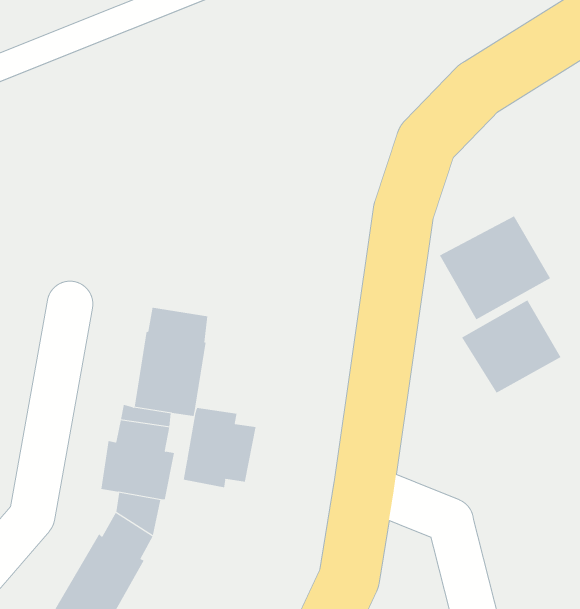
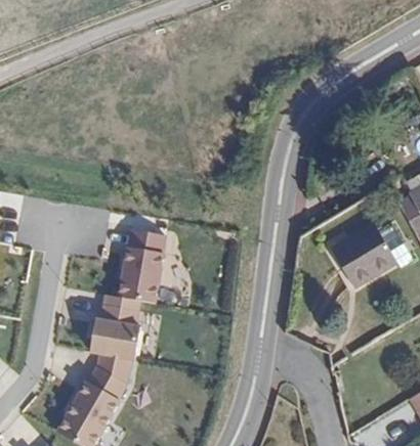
building: [439,215,551,320] -> none
building: [183,407,256,488] -> none

